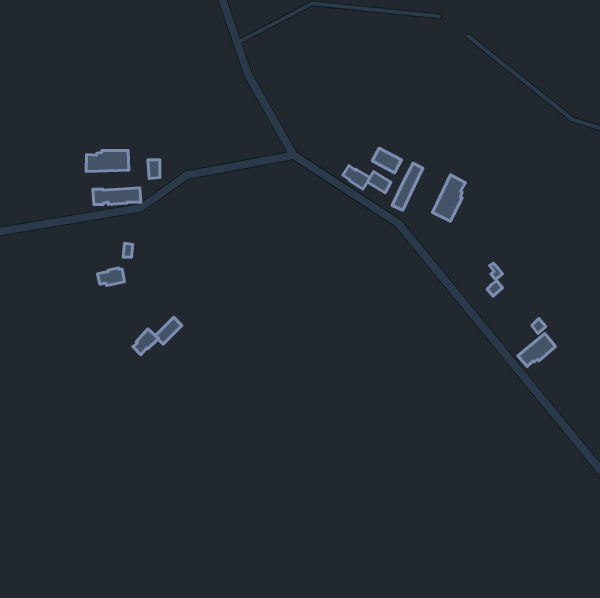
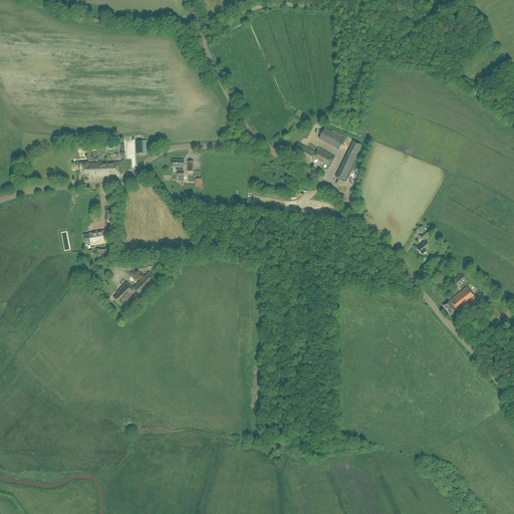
building: [86,150,129,171] -> none
building: [432,175,465,221] -> none

